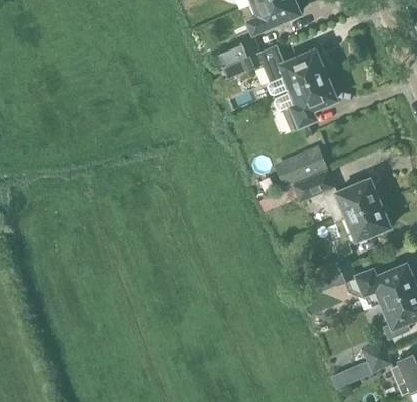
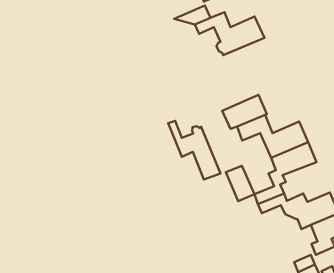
building: [276,76,336,129] -> none
building: none -> [168,121,220,179]
building: none -> [226,166,254,201]

